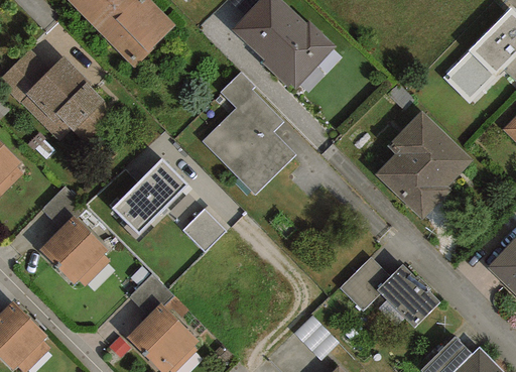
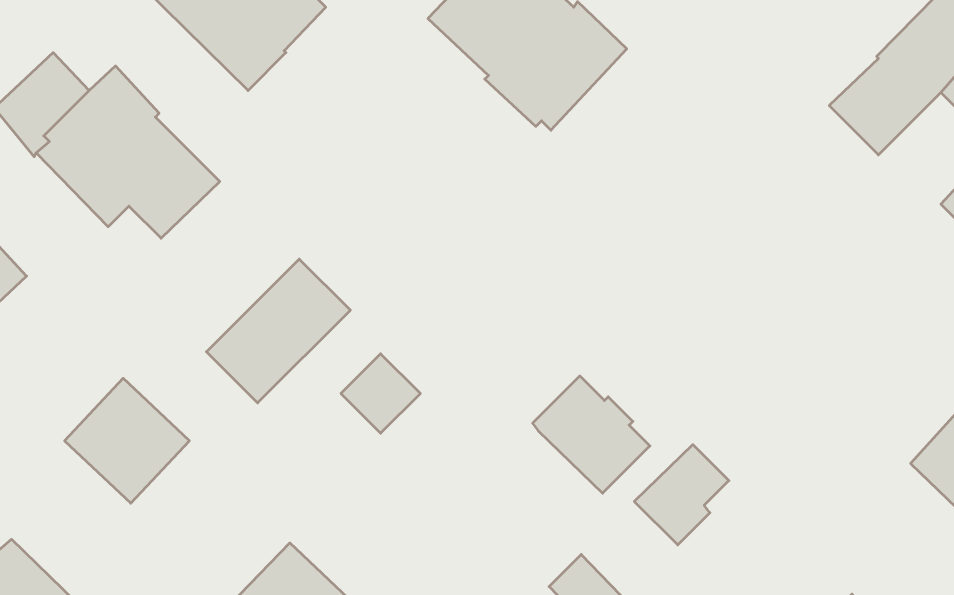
building: [203,73,295,193] -> none
building: [375,109,473,219] -> none
building: [377,263,439,326] -> [533,376,650,493]

